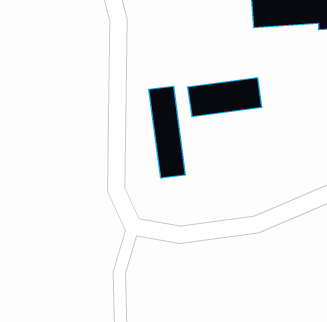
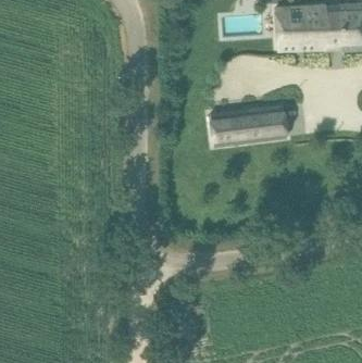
building: [149,86,185,178] -> none

